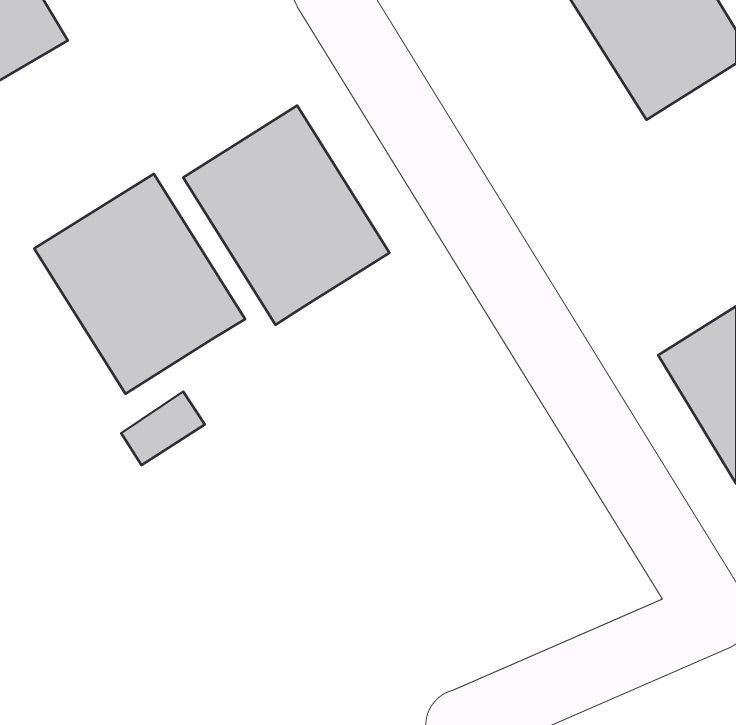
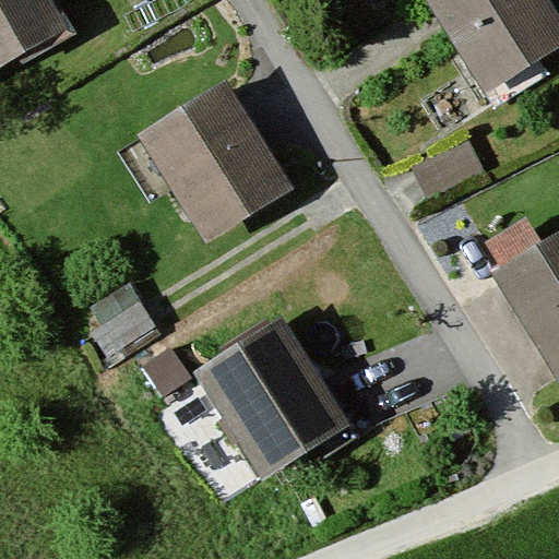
building: [34,174,245,394] -> none
building: none -> [195,321,346,478]

